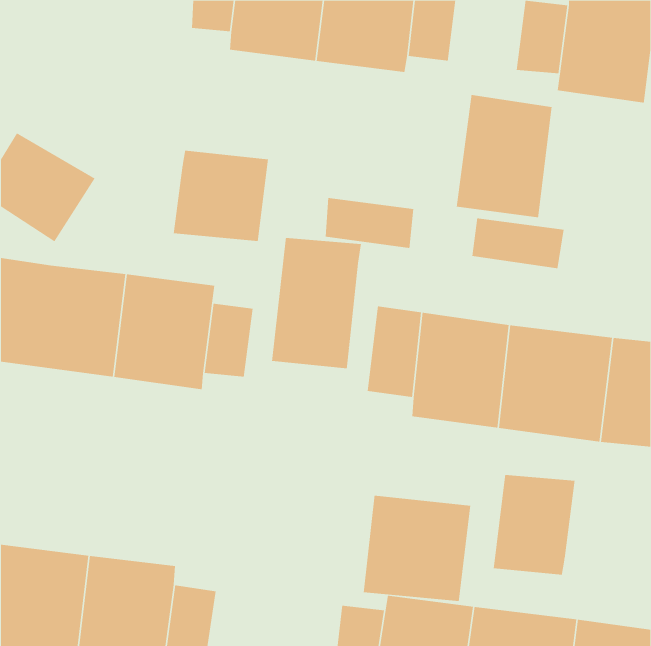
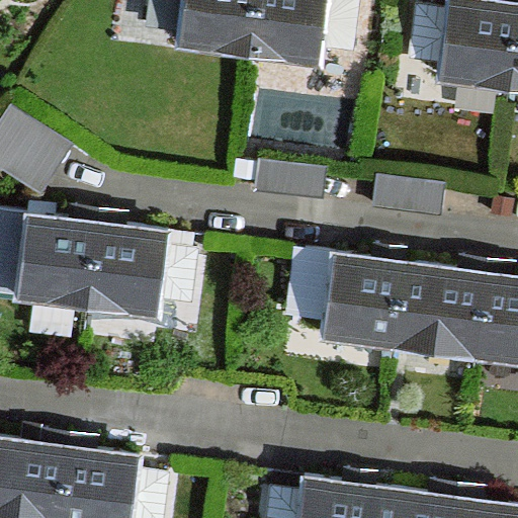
building: [456,94,552,218] -> none
building: [173,150,268,242] -> none
building: [272,237,361,369] -> none
building: [493,474,575,576] -> none
building: [363,495,471,602] -> none

